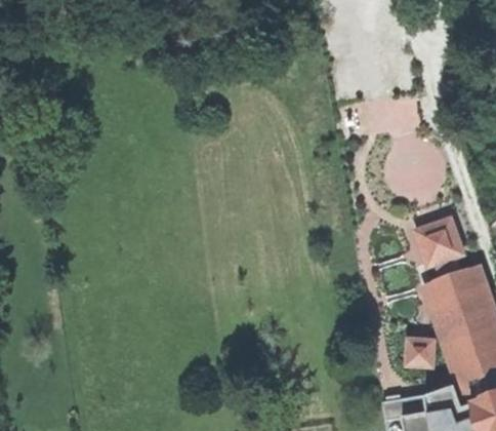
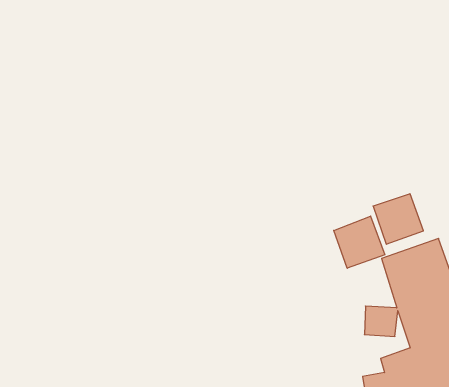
building: none -> [334,216,385,268]

